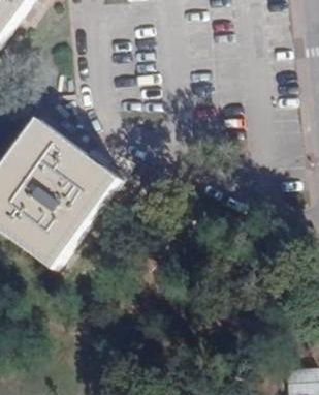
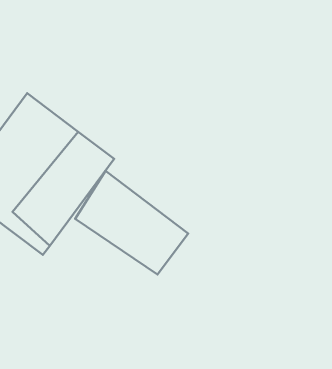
building: none -> [75,171,188,275]

